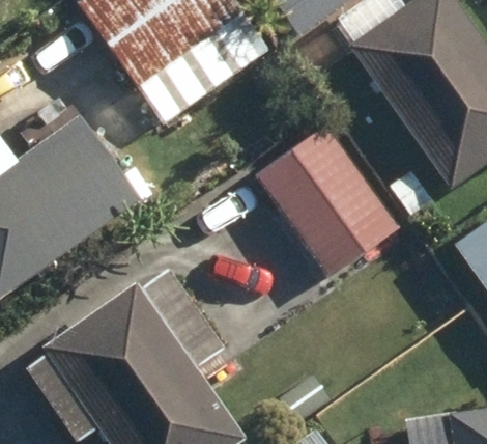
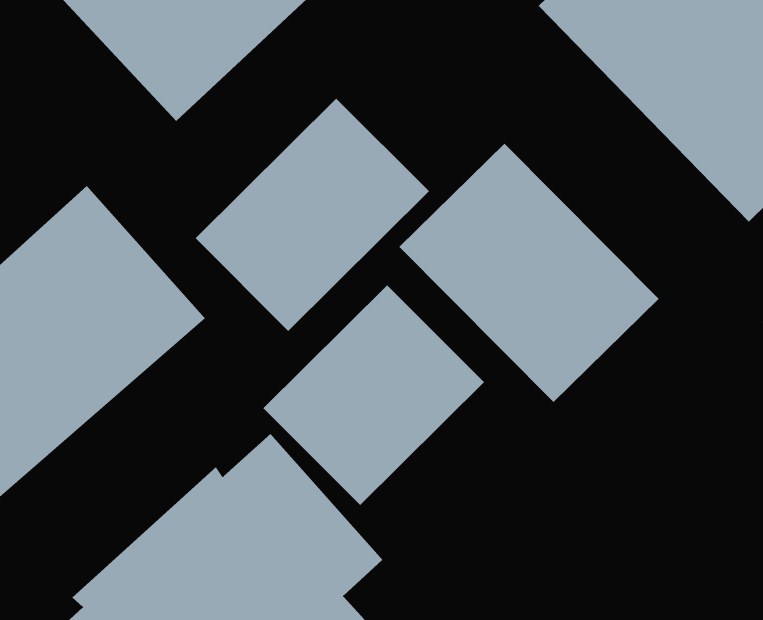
building: none -> [195,98,430,332]
building: none -> [262,284,485,506]

